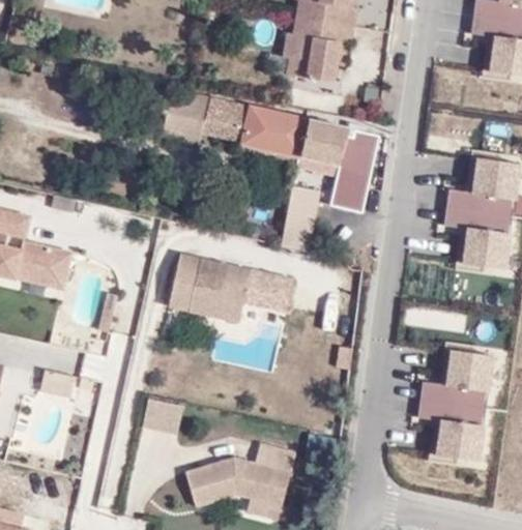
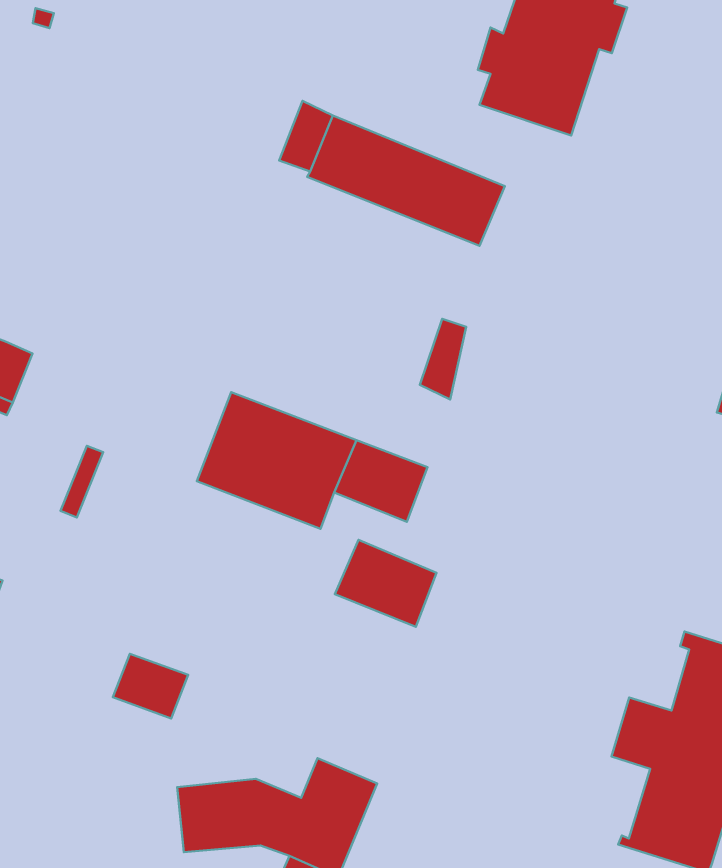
building: [300,119,341,161] -> none
building: [329,135,376,210] -> none
building: none -> [335,540,436,627]

